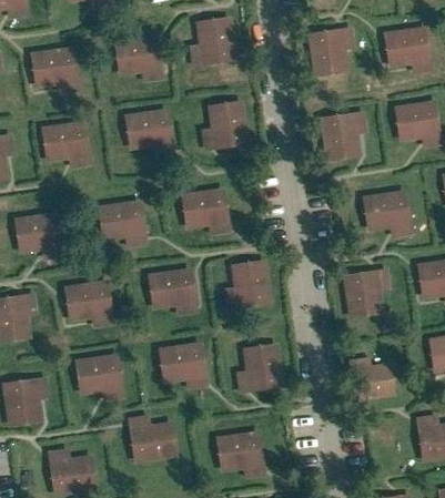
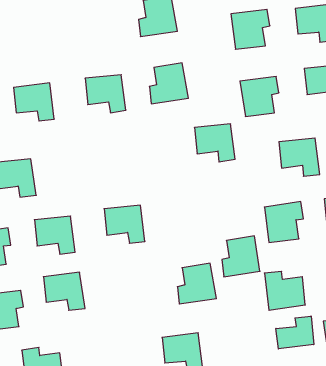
building: [112,39,163,85] -> none
building: [30,50,80,96] -> none
building: [178,191,227,237] -> [194,124,235,162]
building: [94,200,145,246] -> none
building: [227,266,274,316] -> [222,236,260,277]
building: [159,346,209,393] -> none
building: none -> [276,316,314,349]
building: [129,411,180,459] -> none

